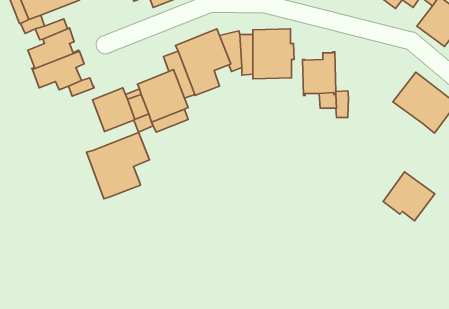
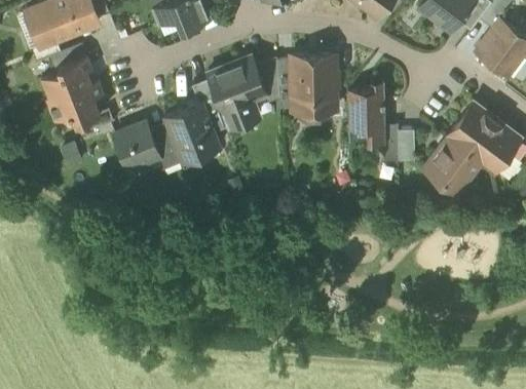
building: none -> [398,131,415,162]
building: [87,132,150,199] -> none
building: [383,172,435,221] -> [424,137,482,191]

